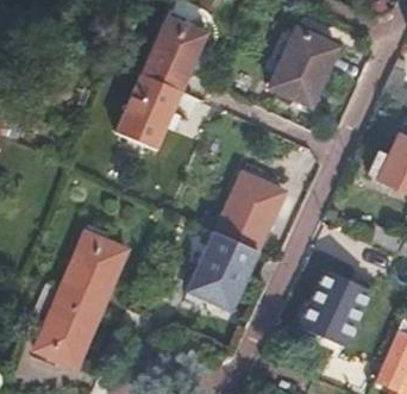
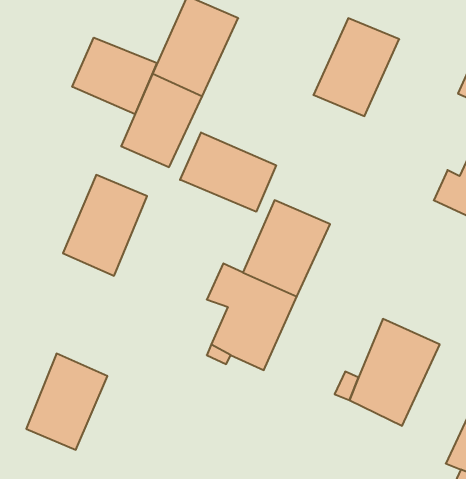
building: none -> [72,38,157,114]
building: none -> [180,132,276,212]
building: [65,231,132,311] -> [63,175,147,276]

